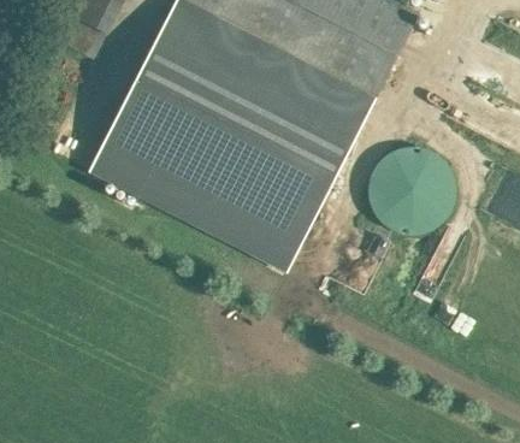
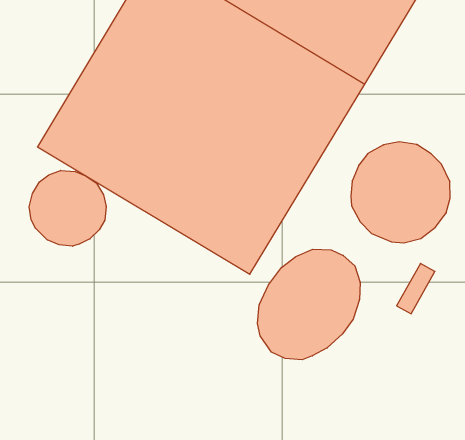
building: none -> [29,170,106,246]
building: none -> [257,249,360,360]

